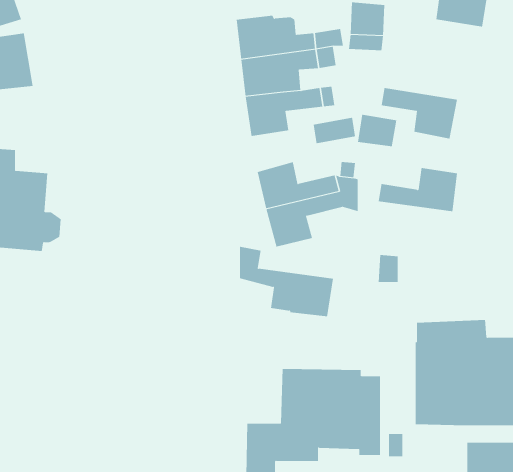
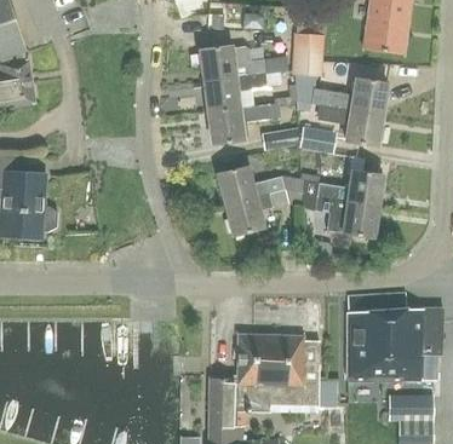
building: none -> [310,77,386,114]
building: [239,246,334,317] -> [300,179,378,237]

